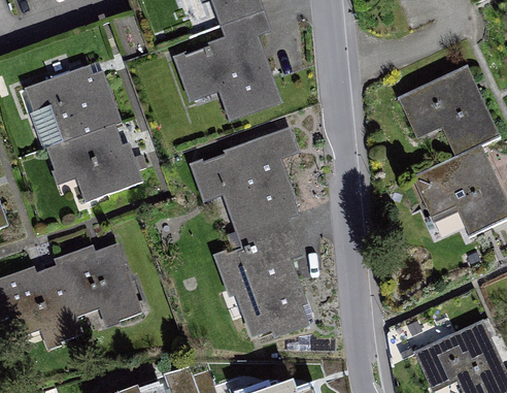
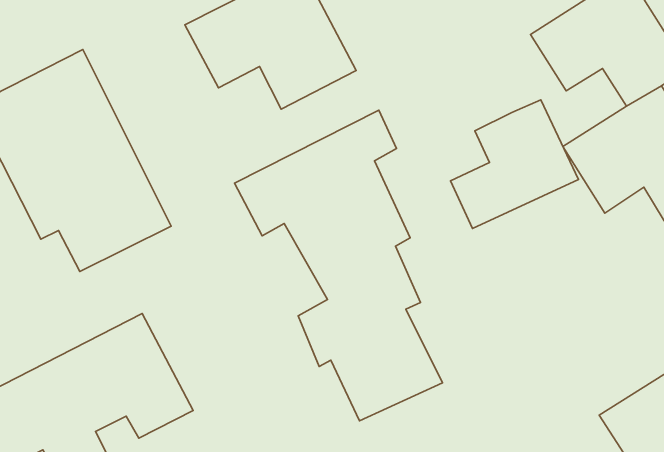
building: none -> [451,100,578,229]

